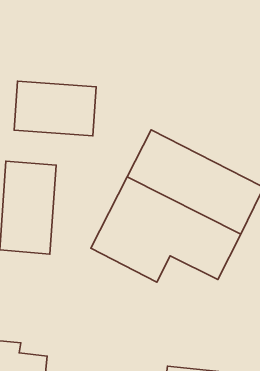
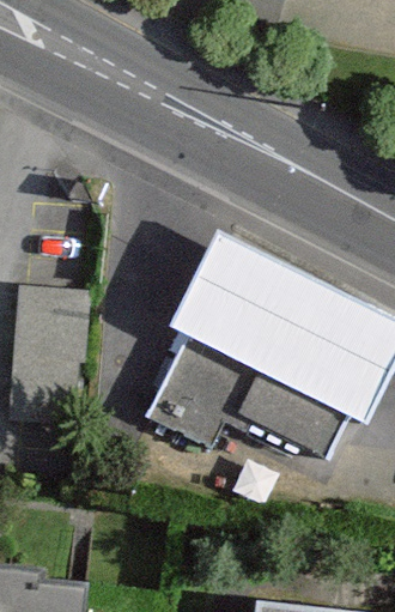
building: [14,81,96,136] -> none

